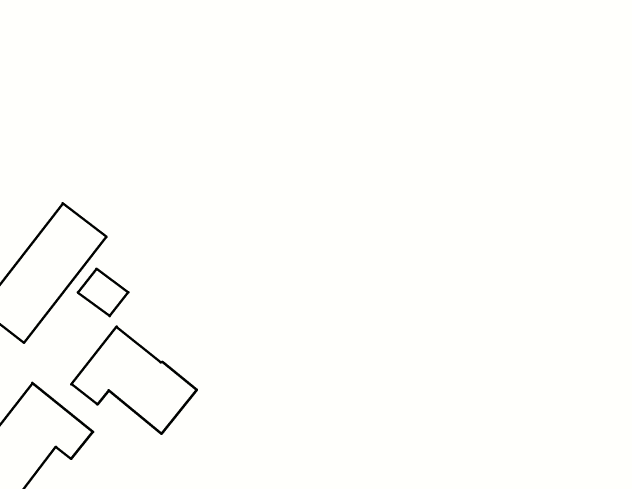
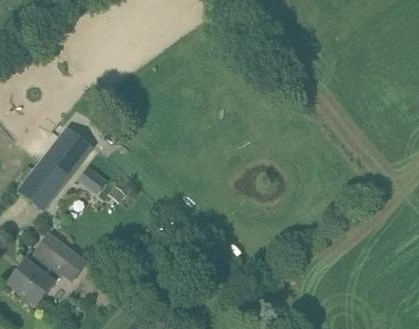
building: [71,327,197,434] -> none

